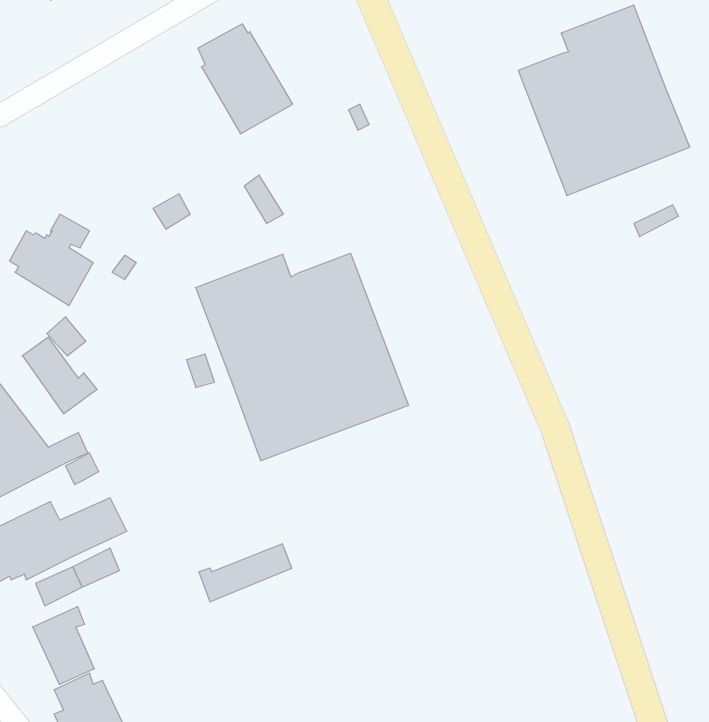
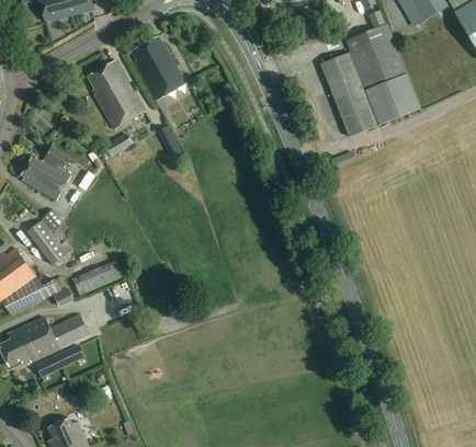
building: none -> [87,59,144,128]
building: [196,253,408,461] -> none
building: [199,544,292,602] -> [72,261,127,295]
building: [33,607,94,685] -> none

